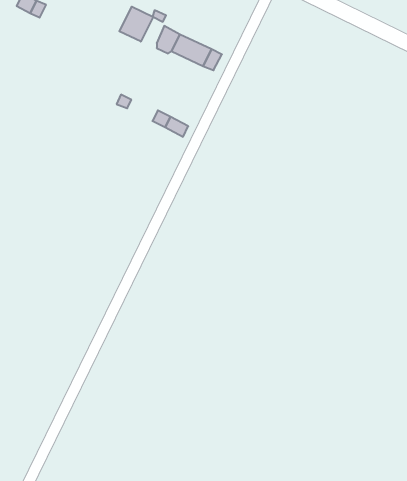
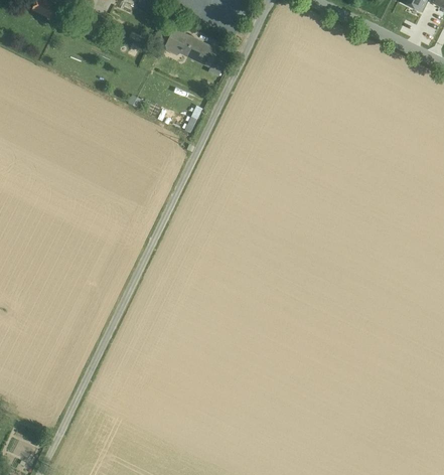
building: [119,7,153,42] -> none

